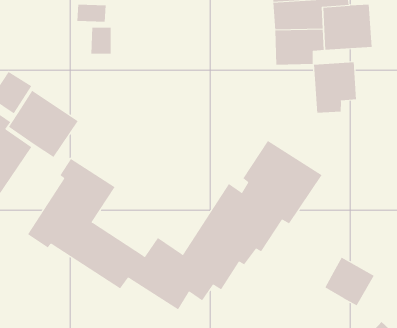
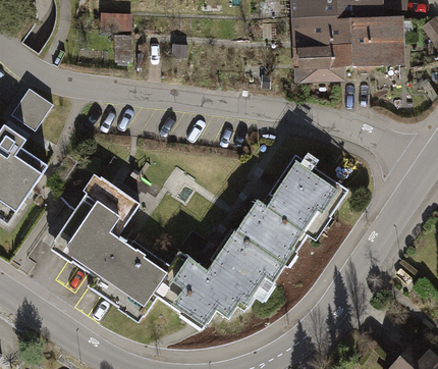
building: [313,62,356,113] -> none
building: [8,90,79,158] -> none
building: [324,257,374,306] -> none

